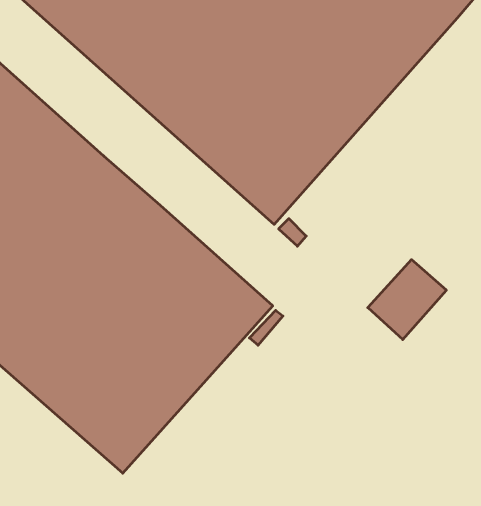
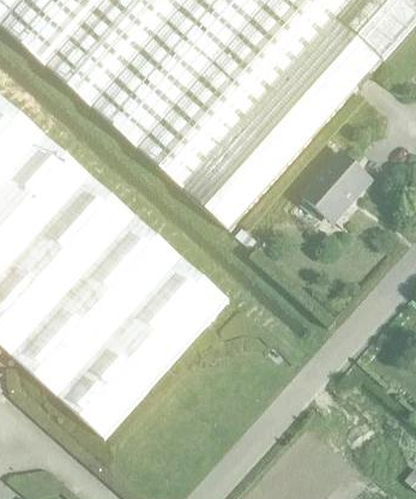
building: [368,260,446,340] -> [305,155,369,221]

